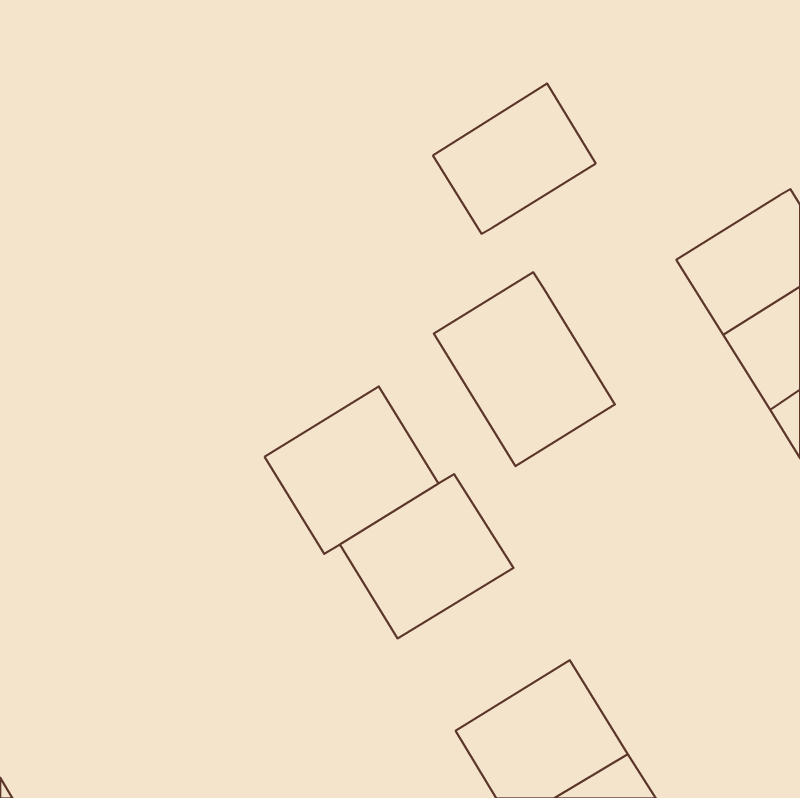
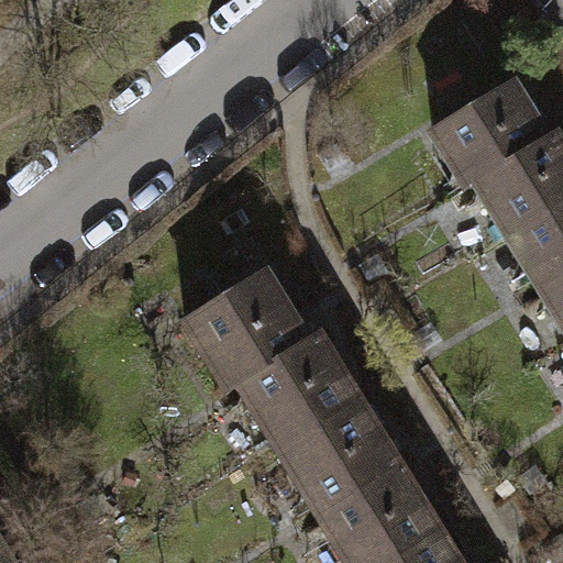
building: [433,84,596,234] -> [433,81,548,187]
building: [434,272,615,466] -> none
building: none -> [279,399,400,514]

